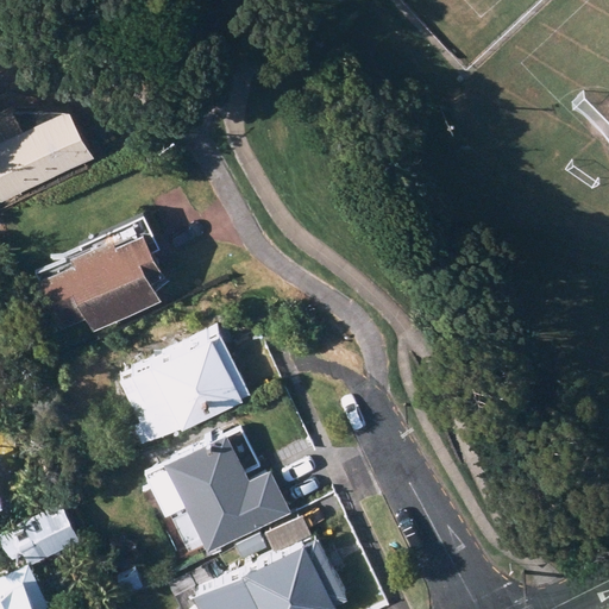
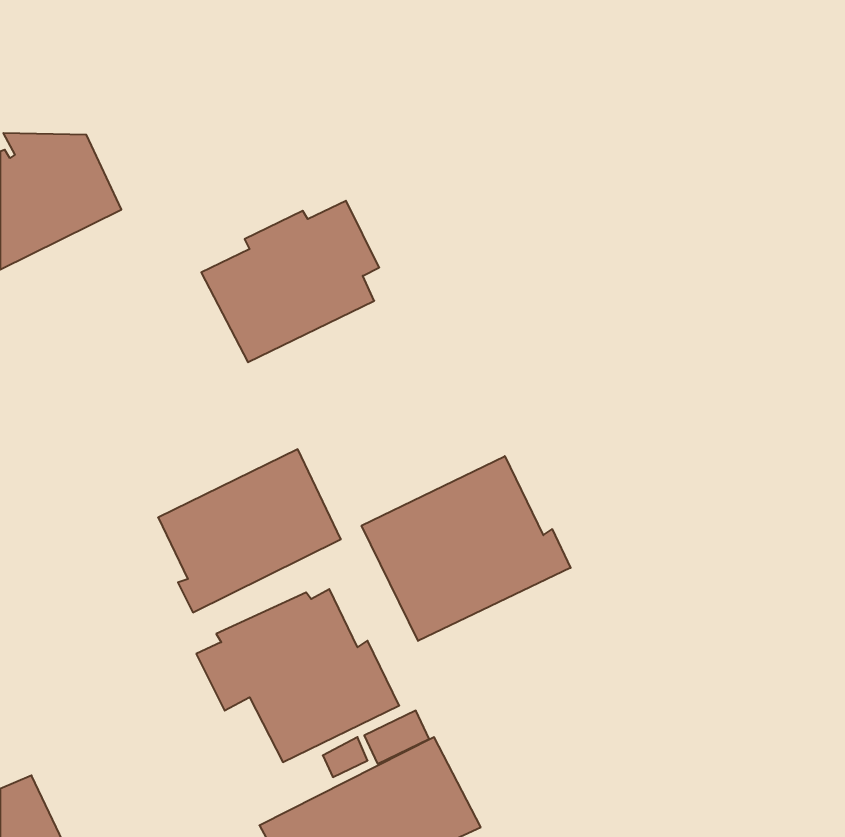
building: [34,228,162,344] -> [201,201,379,362]
building: none -> [362,456,571,641]
building: [21,502,86,561] -> none

